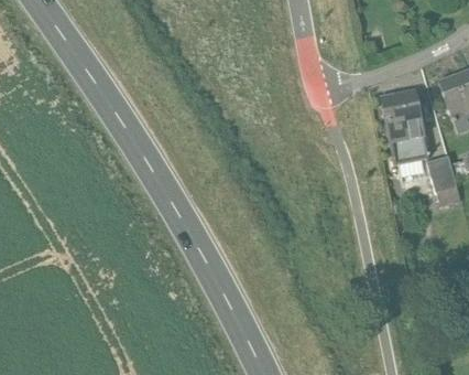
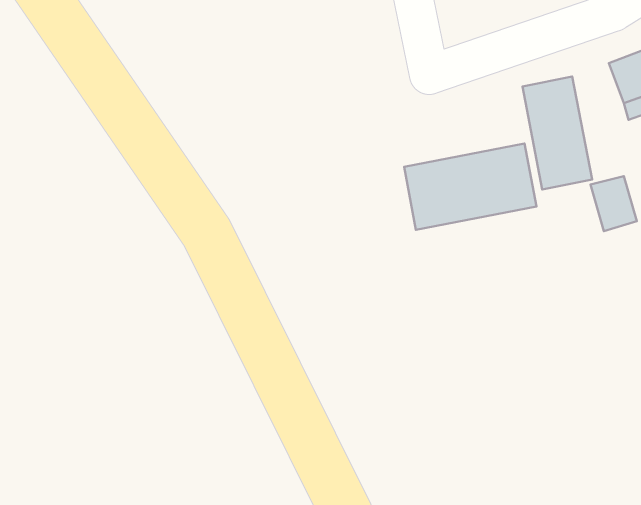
building: none -> [404,144,536,230]

